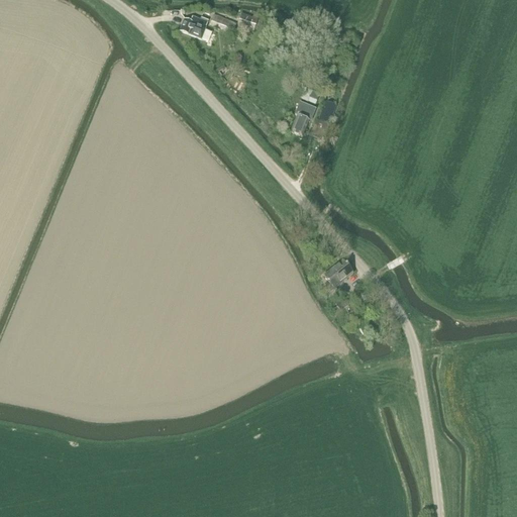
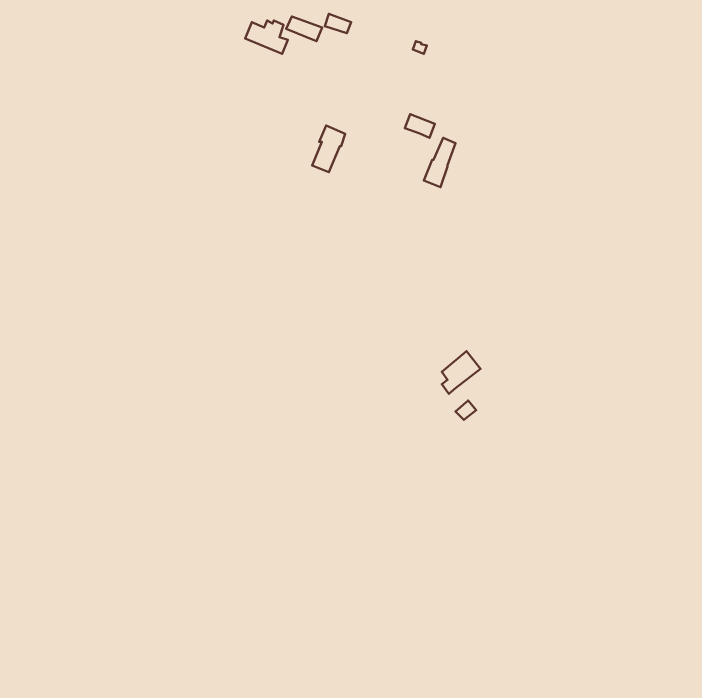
building: [291,100,315,134] -> [312,125,345,172]

